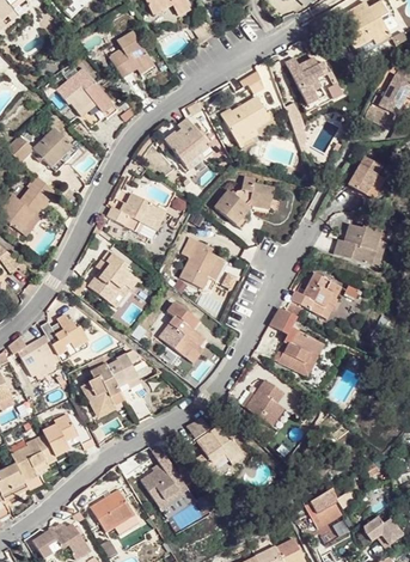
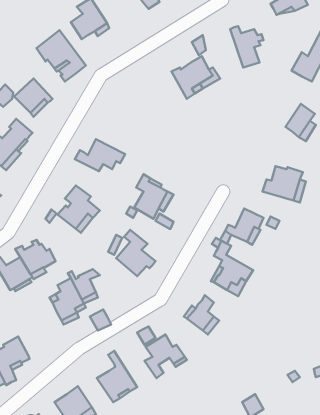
building: [160,117,203,165] -> none
building: [214,181,276,231] -> none
building: [41,410,94,452] -> none

